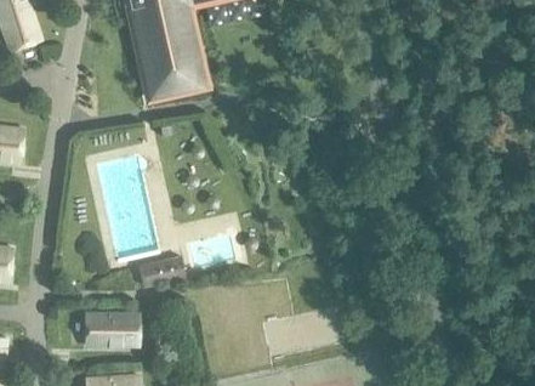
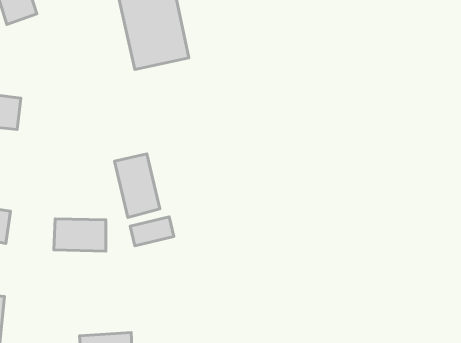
building: none -> [115,154,160,218]
building: [84,311,138,345] -> [54,219,106,251]

